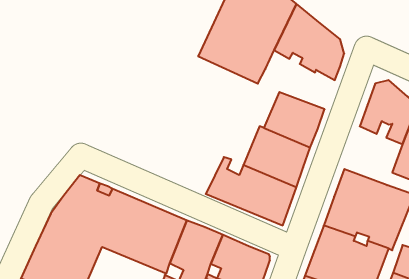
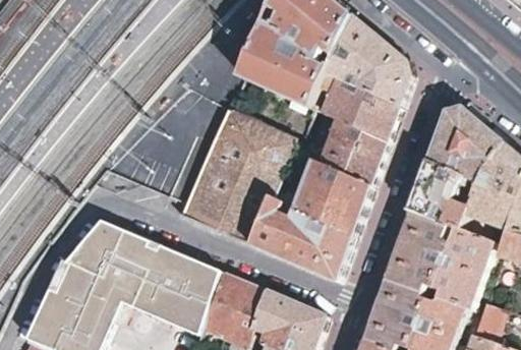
building: none -> [317,70,400,140]
building: none -> [175,107,294,241]
building: none -> [411,161,480,231]

